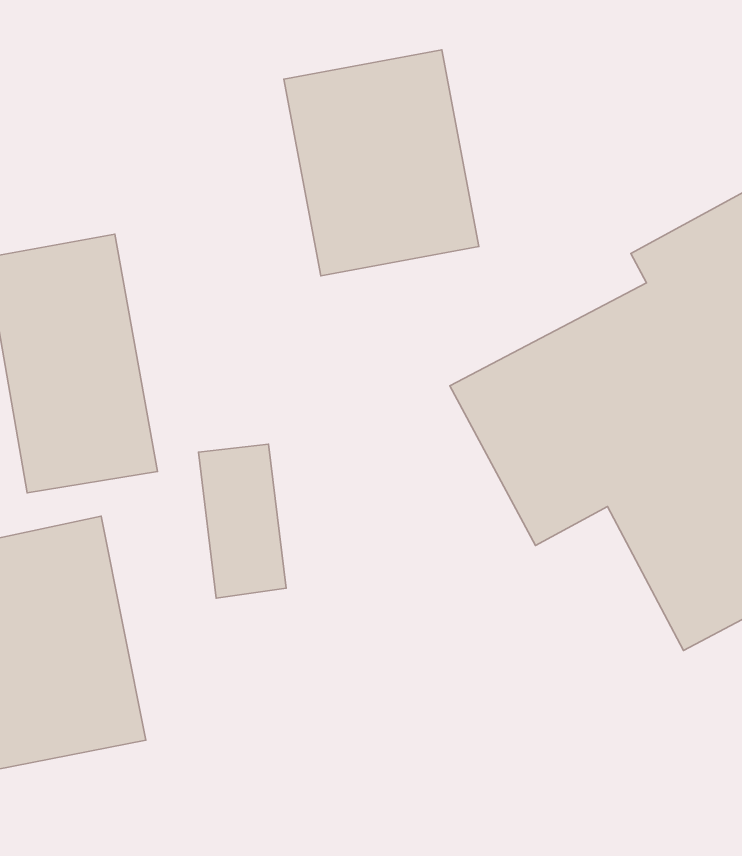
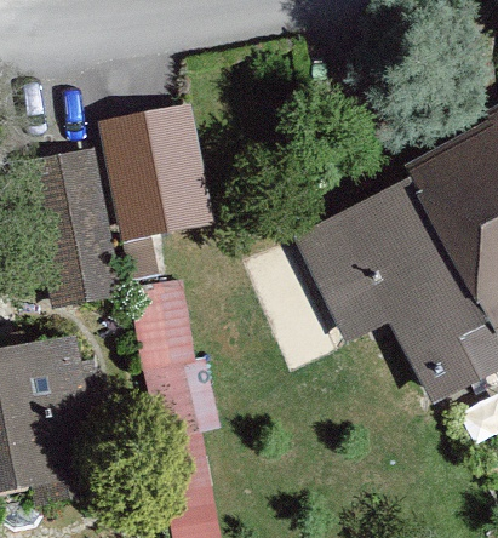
building: [284,50,479,276] -> [93,102,214,242]

